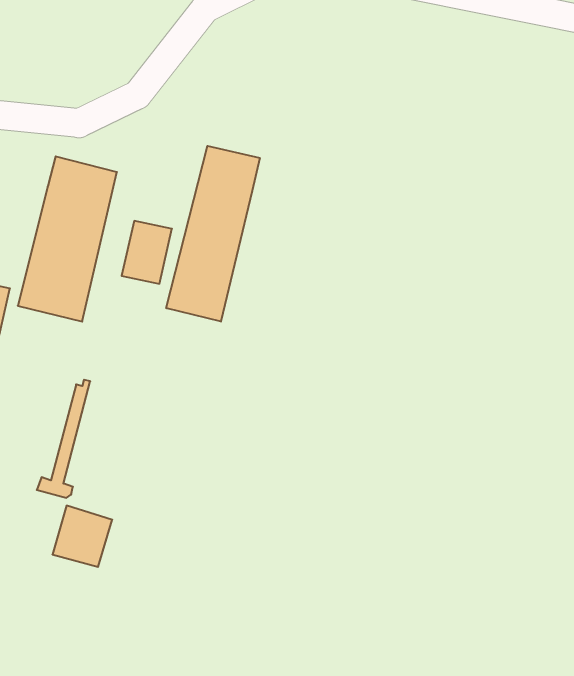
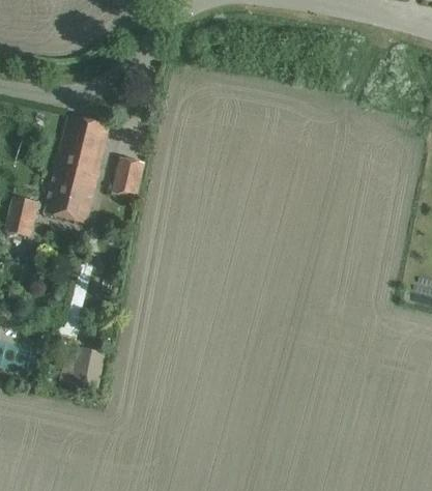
building: [166,146,260,322] -> none

